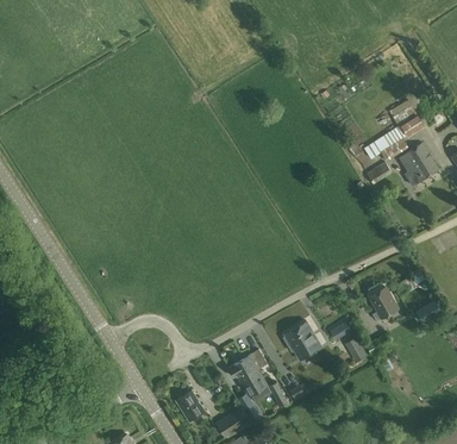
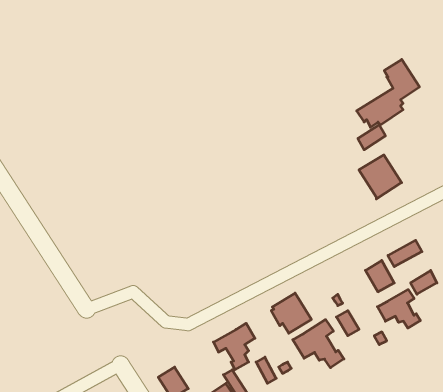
building: [397,143,438,185] -> [359,155,402,199]
building: none -> [377,290,420,328]
building: none -> [293,320,344,368]

